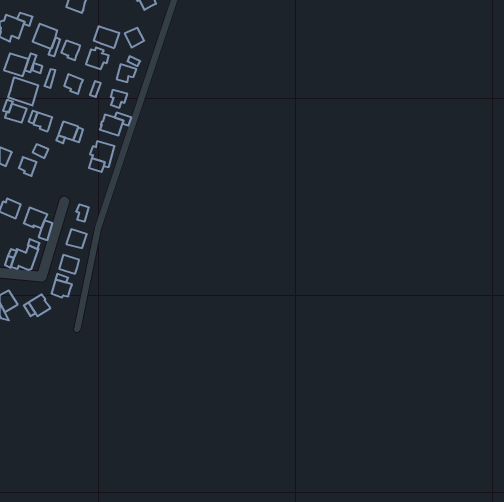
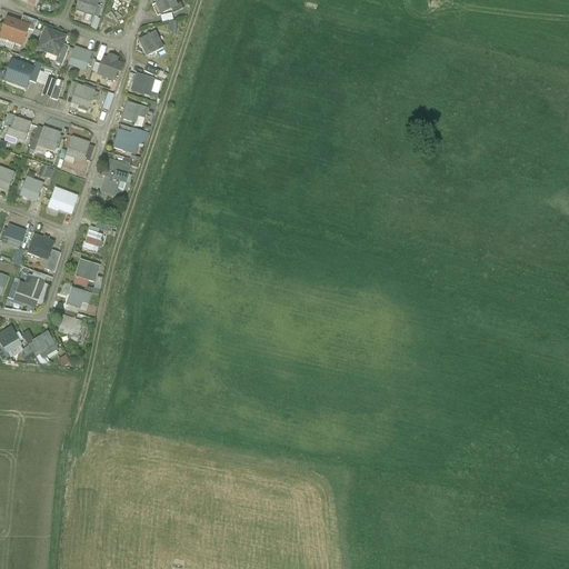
building: [94,26,119,48] -> none
building: [8,77,38,106] -> none
building: none -> [48,187,79,211]

